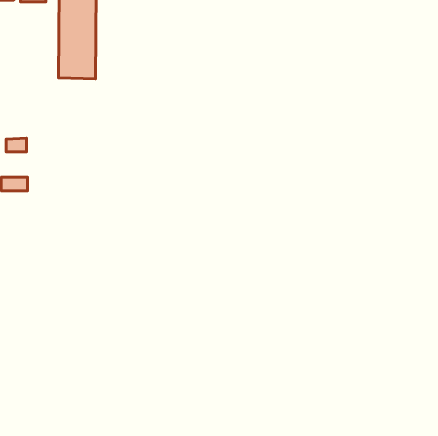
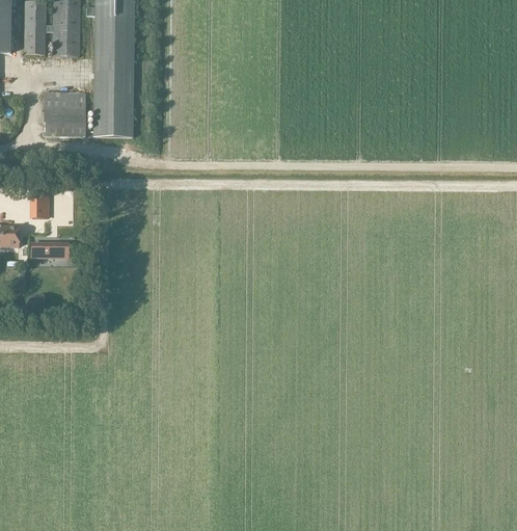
building: none -> [43,90,85,136]

